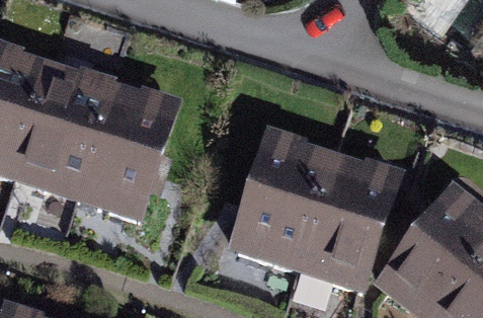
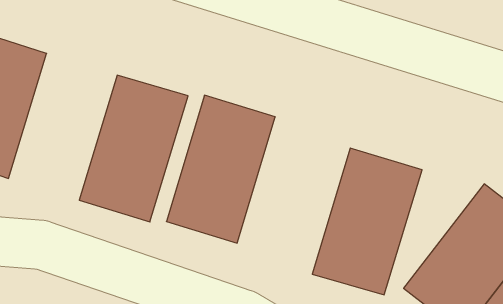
building: [9,81,110,218] -> none
building: [226,149,327,287] -> [166,95,275,243]

